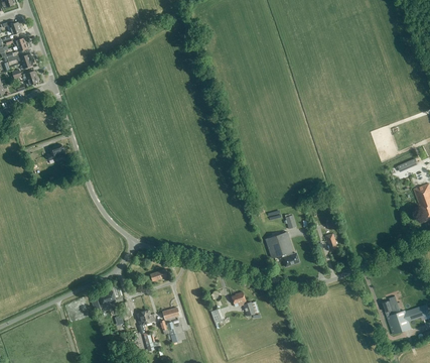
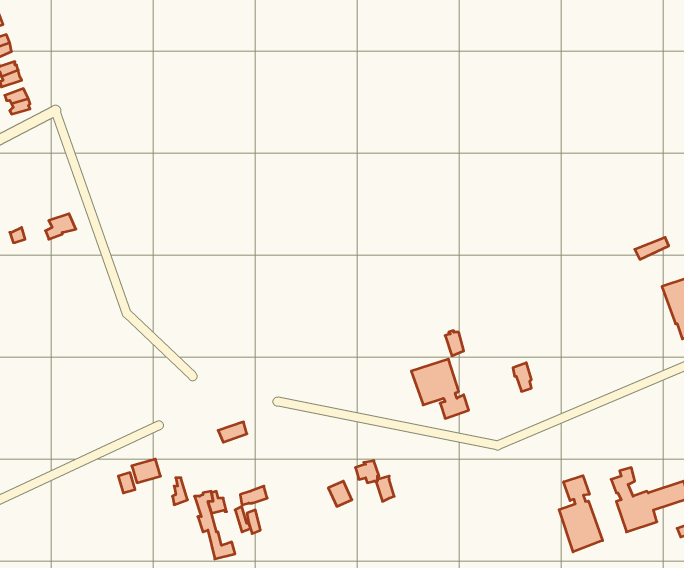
building: none -> [559,476,603,552]

